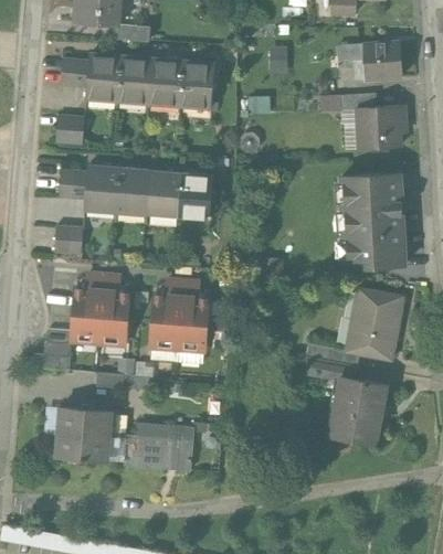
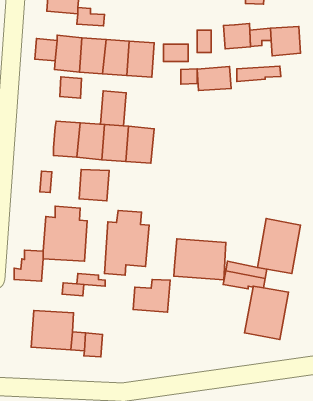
building: none -> [223,24,251,49]
building: none -> [164,44,188,62]
building: none -> [197,67,231,91]
building: [357,106,400,150] -> none
building: [56,115,84,142] -> [60,77,81,98]
building: none -> [101,91,126,126]
building: [59,170,87,199] -> none
building: [341,175,404,267] -> none
building: none -> [79,169,109,201]
building: none -> [174,239,226,280]
building: [146,428,193,470] -> [133,279,170,312]

